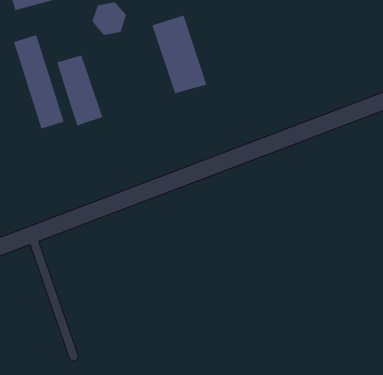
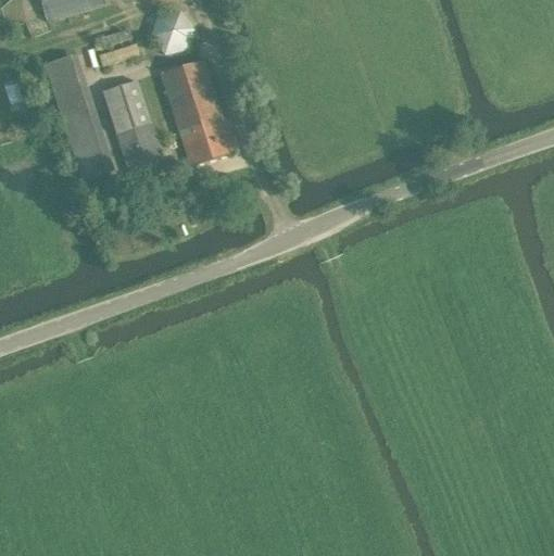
building: [152,15,207,94] -> [160,58,234,163]

